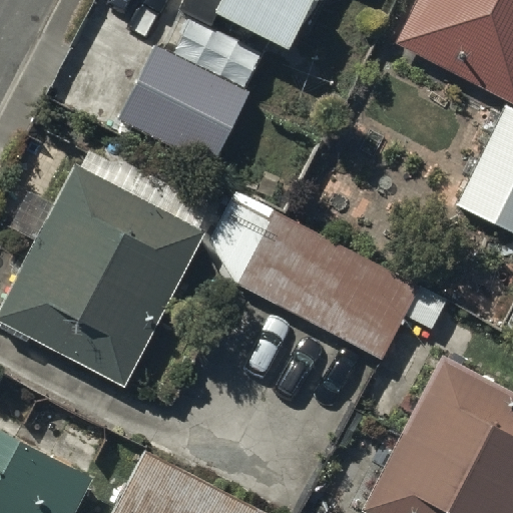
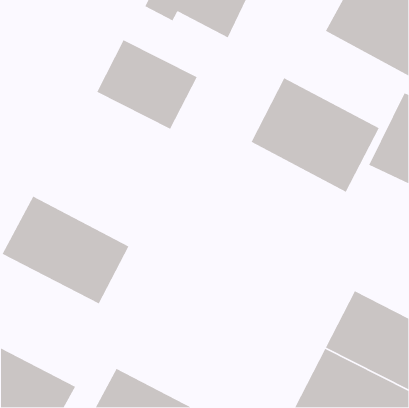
building: none -> [250,77,380,193]
building: [41,170,201,308] -> none
building: [232,217,414,361] -> none

